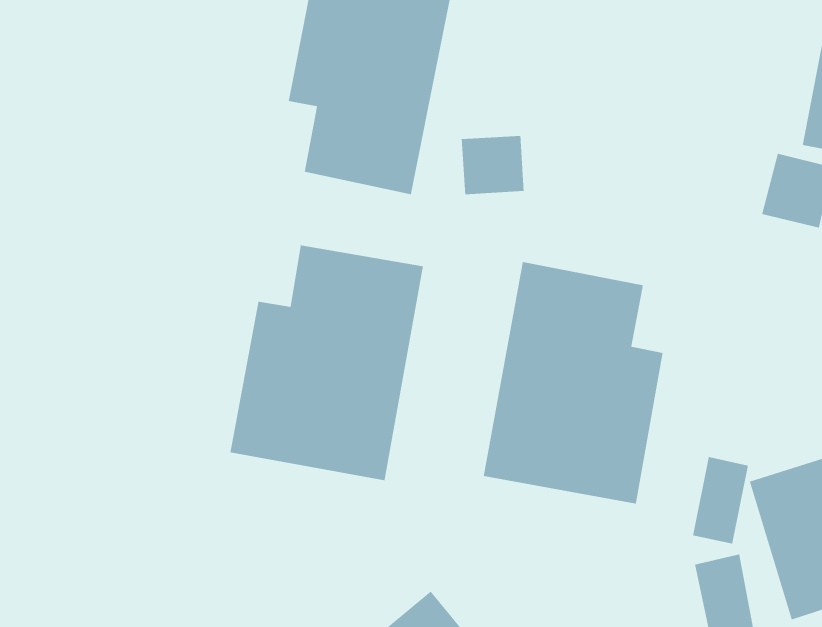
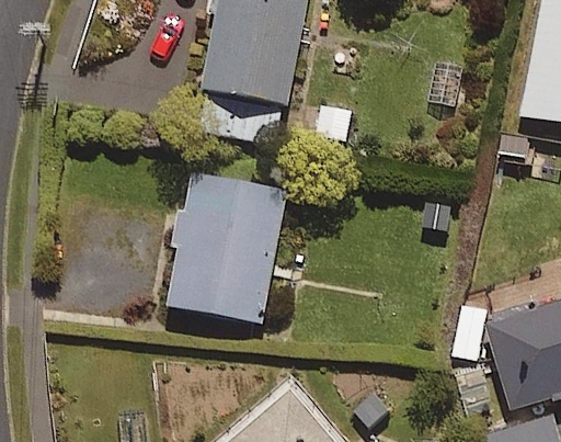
building: [483,261,663,504] -> none

